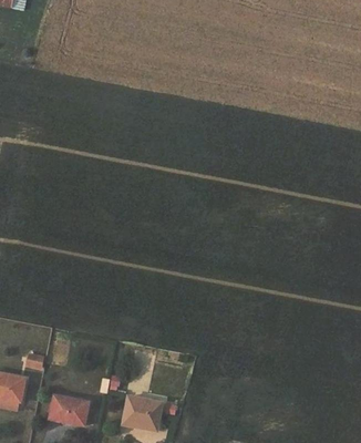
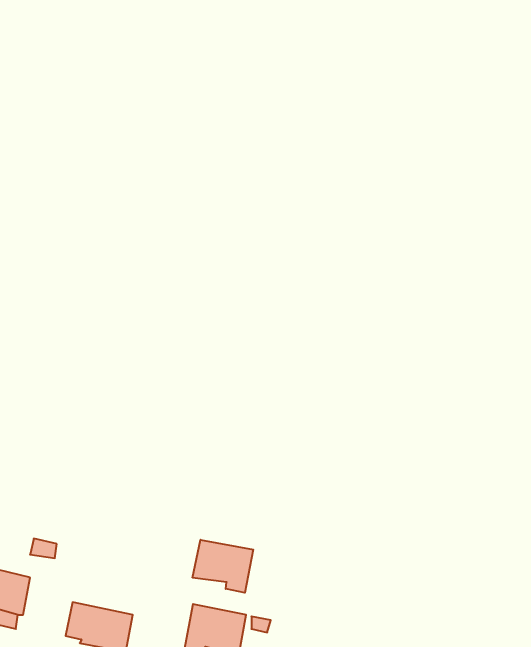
building: none -> [193,540,253,593]

